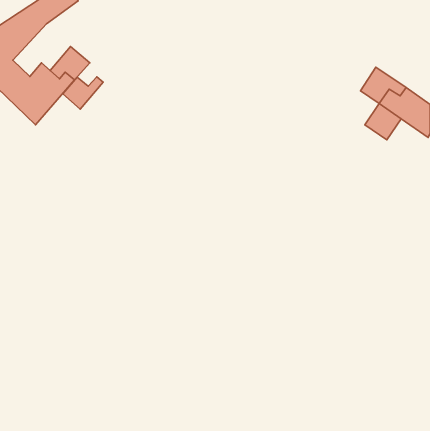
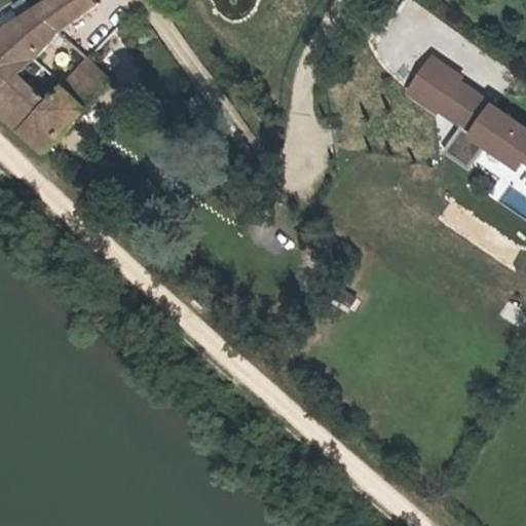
building: none -> [409,59,458,110]
building: [63,77,103,109] -> none

